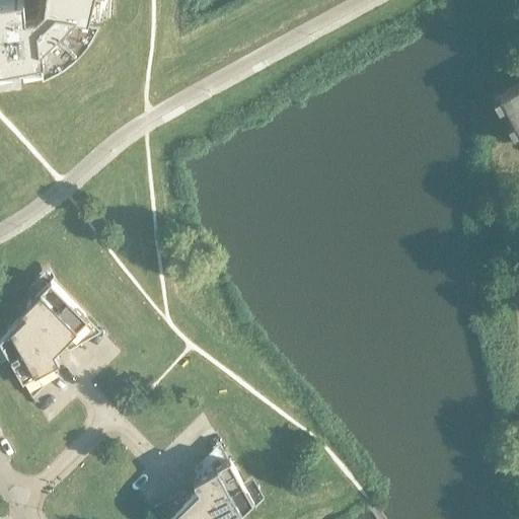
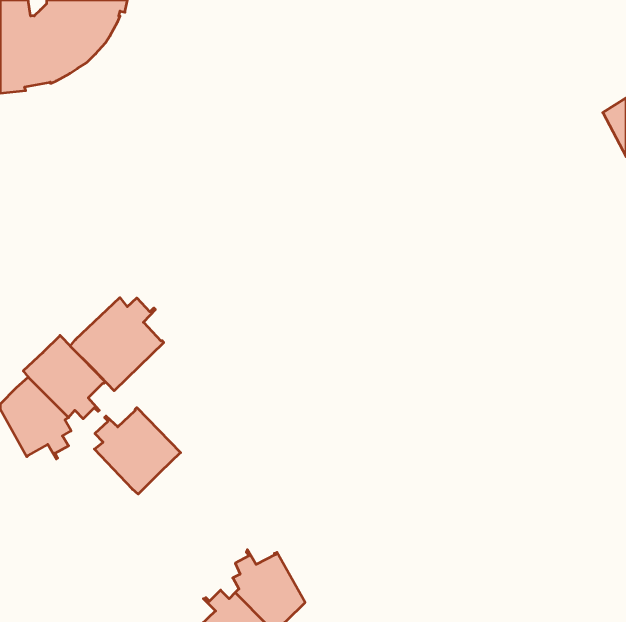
building: none -> [70,298,164,391]
building: none -> [94,408,181,494]

